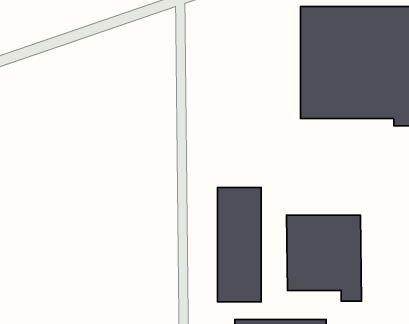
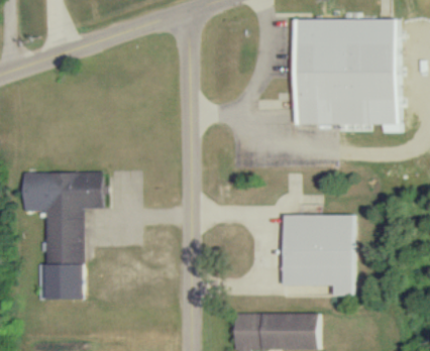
building: none -> [21,171,101,299]
building: [217,188,261,302] -> none

